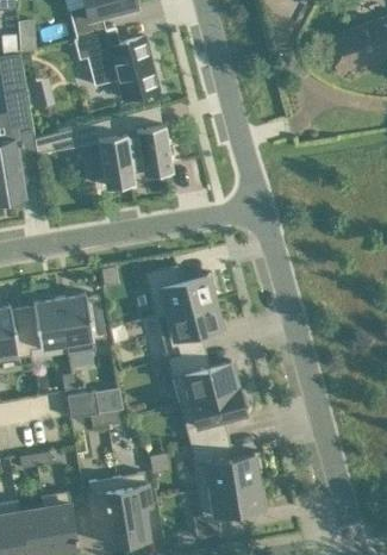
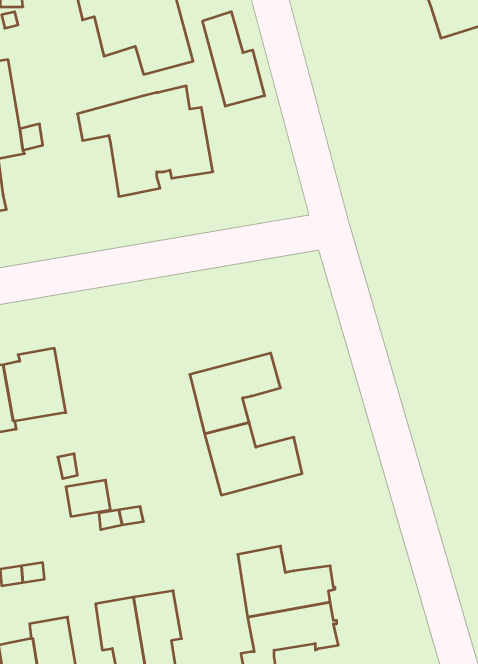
building: none -> [203,12,265,106]
building: [145,267,218,317] -> none
building: [60,294,106,356] -> none
building: [180,388,249,447] -> none

